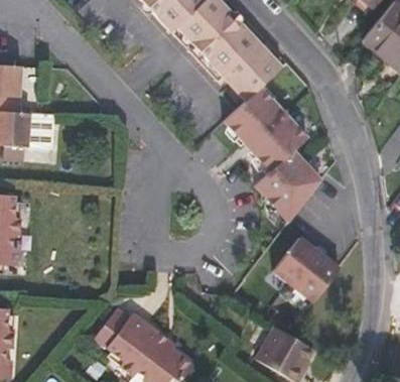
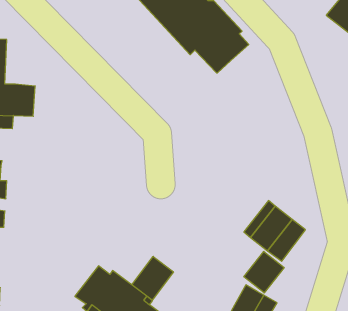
building: [224,88,320,222] -> none
building: none -> [244,251,284,293]
building: none -> [132,256,173,300]

